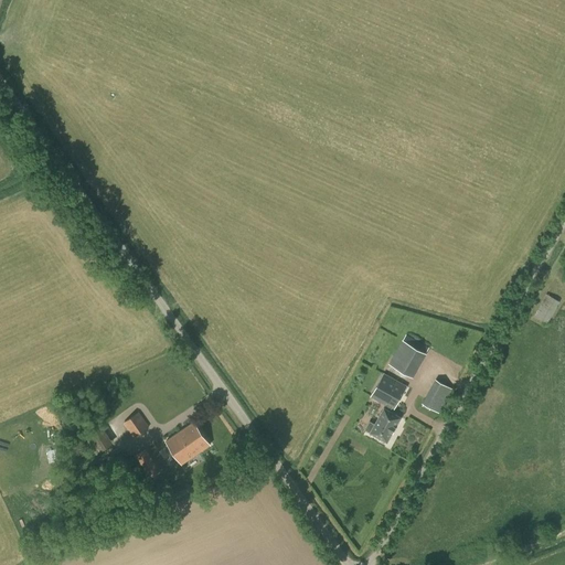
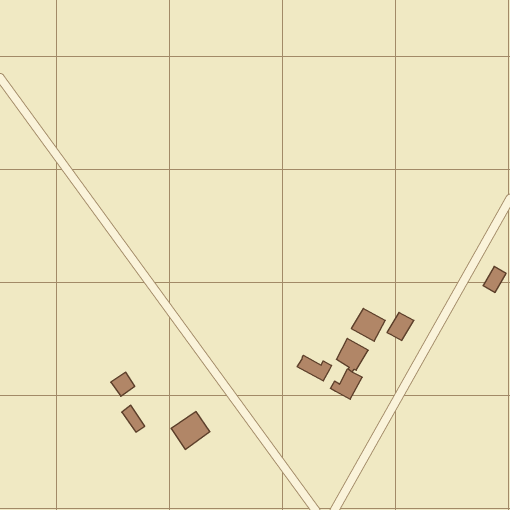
building: [422,382,451,413] -> [387,312,414,340]
building: none -> [297,355,332,381]
building: [167,423,210,465] -> [171,412,210,449]

